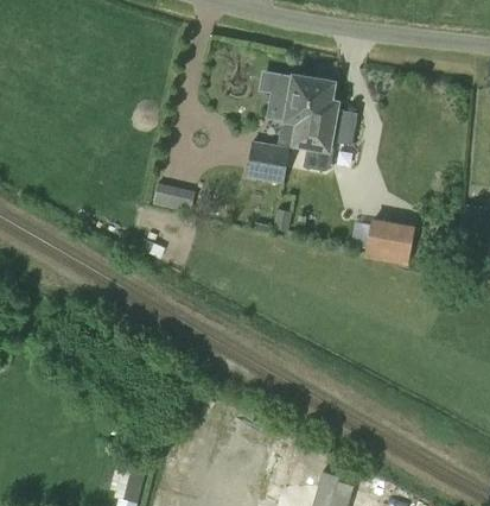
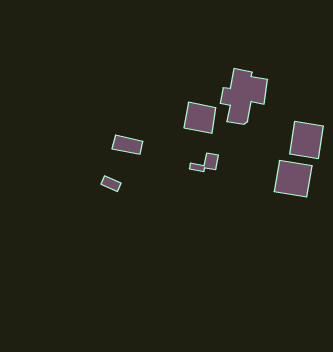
building: [259,71,333,125] -> none
building: none -> [290,121,323,159]

